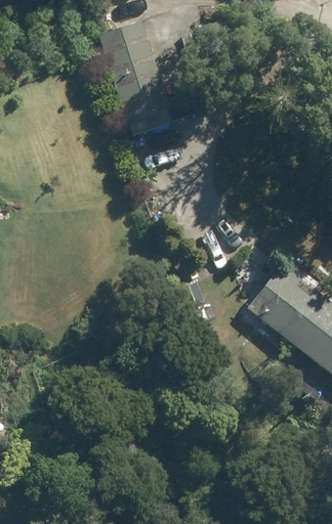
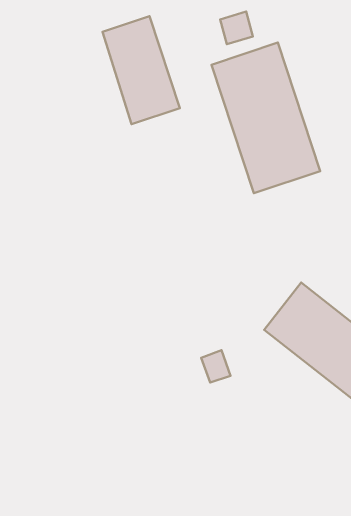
building: none -> [212,43,320,193]

